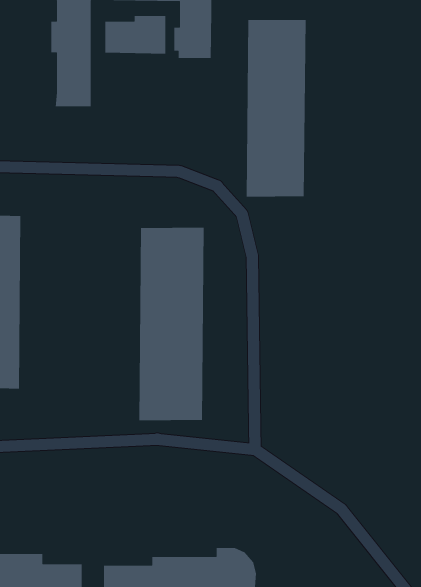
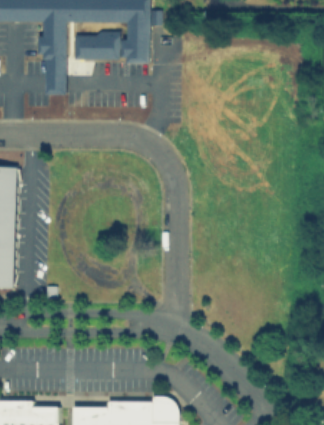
building: [246,19,306,197] -> none
building: [139,227,204,421] -> none

